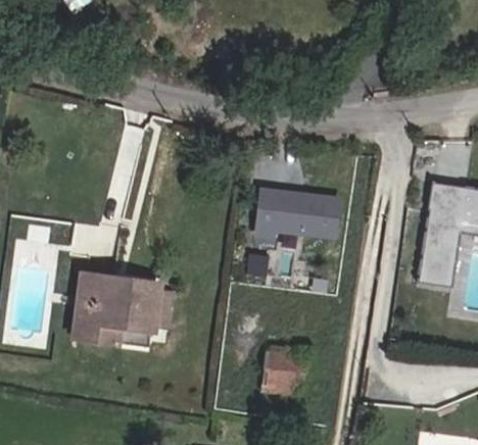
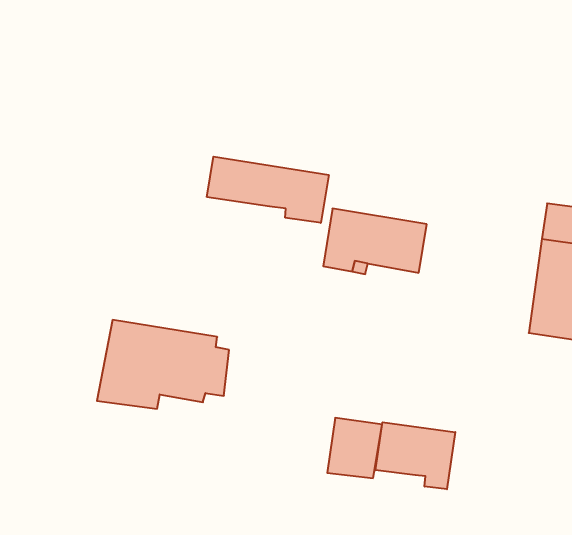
building: none -> [207,157,329,223]
building: none -> [376,422,455,489]

